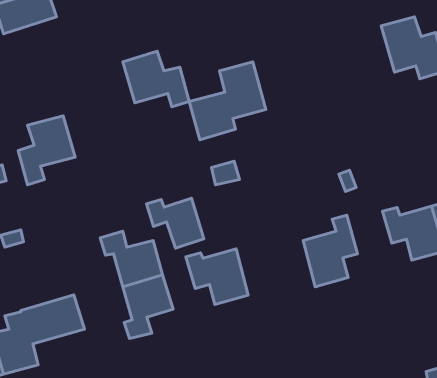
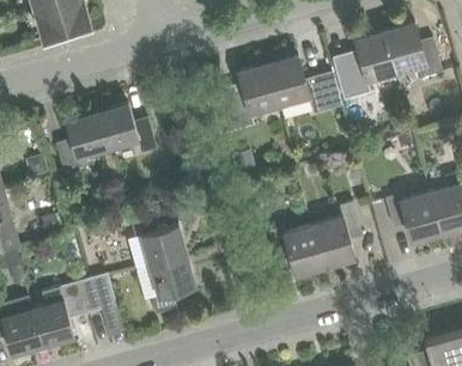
building: none -> [346,32,395,97]
building: [123,51,189,107] -> [96,104,156,154]
building: none -> [267,56,341,115]
building: [147,198,204,248] -> none
building: [186,249,248,304] -> [267,226,323,276]

